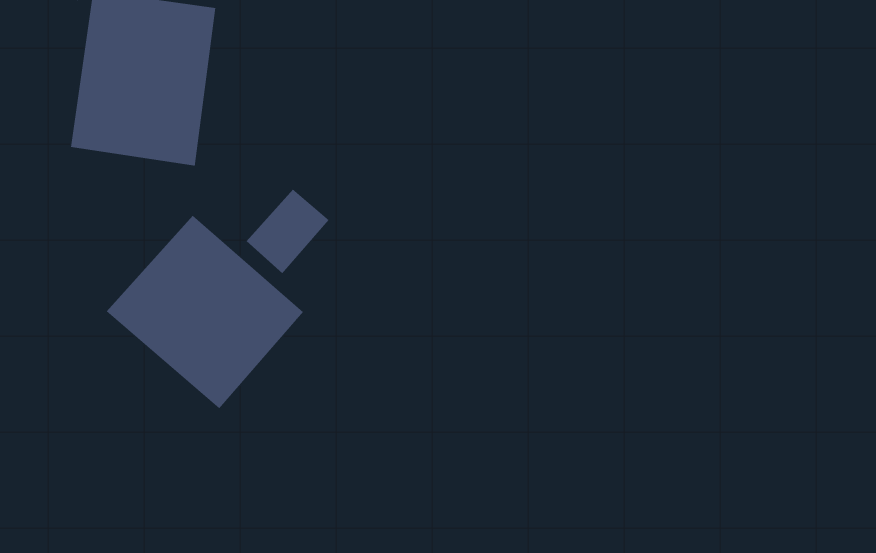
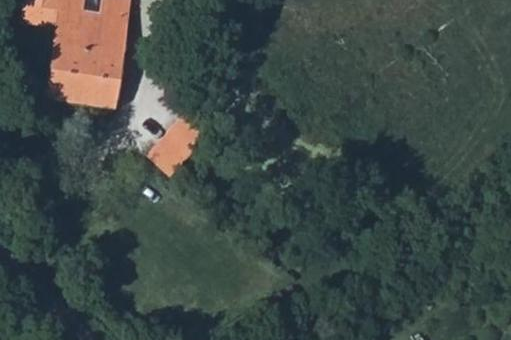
building: [106,215,304,409] -> none

